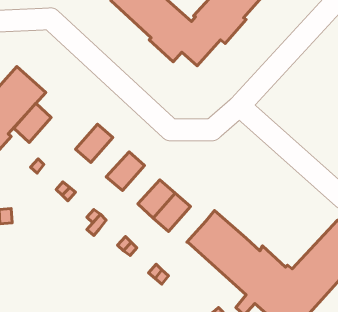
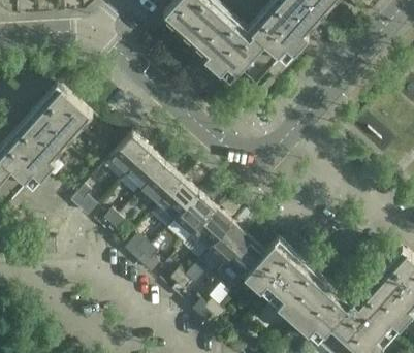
building: [14,103,51,143] -> [107,134,148,176]
building: none -> [140,164,182,206]
building: none -> [174,194,215,235]
building: none -> [224,238,264,281]

